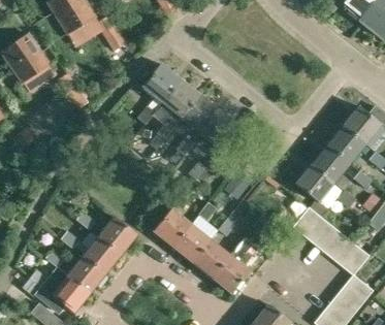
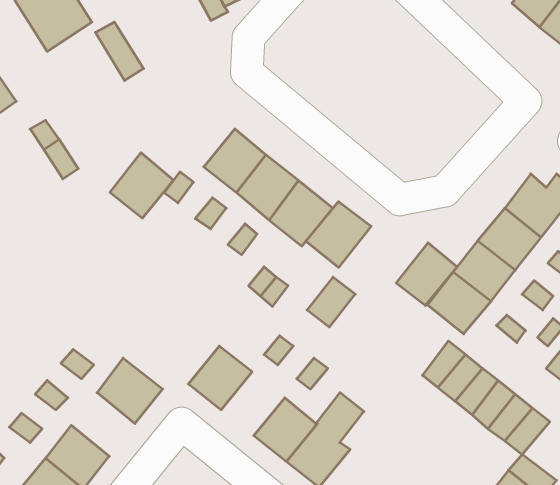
building: [141,63,180,102] -> [110,153,174,218]
building: none -> [306,202,371,267]
building: none -> [396,243,457,306]
building: [171,225,210,263] -> none
building: [82,237,120,275] -> none

